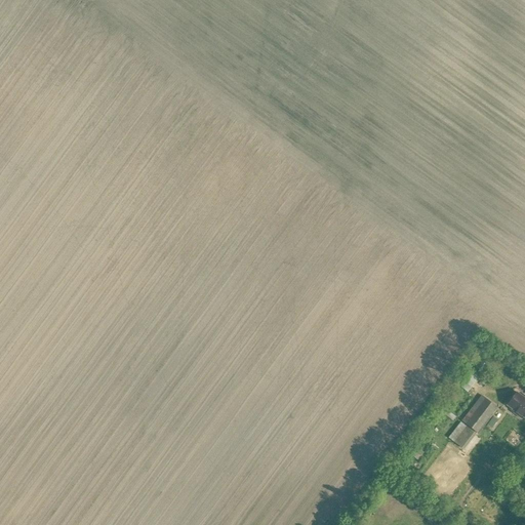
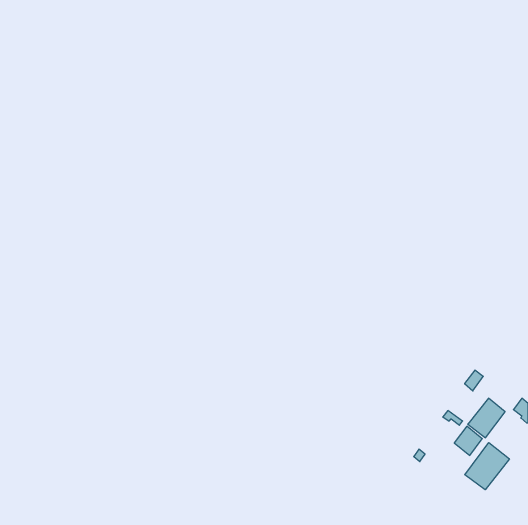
building: none -> [465,443,509,490]

